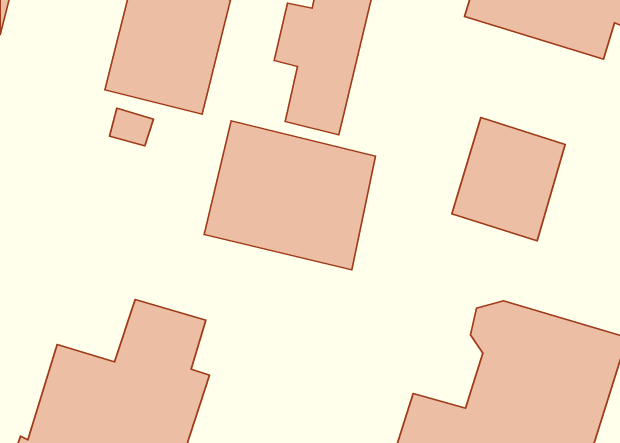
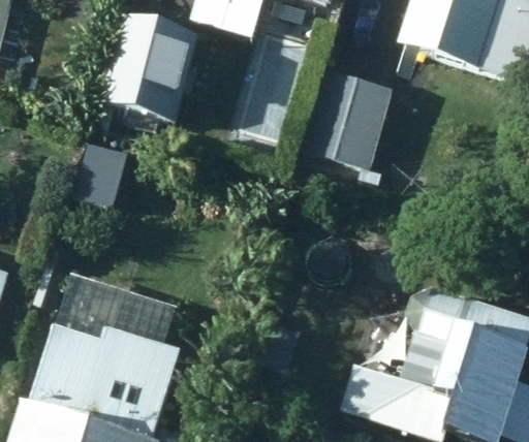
building: [452,118,565,241] -> [295,66,392,170]
building: [204,121,375,270] -> none

